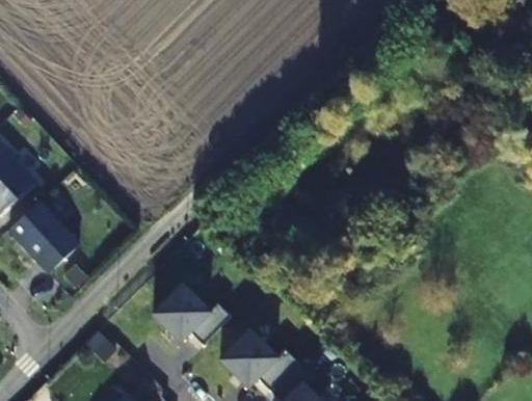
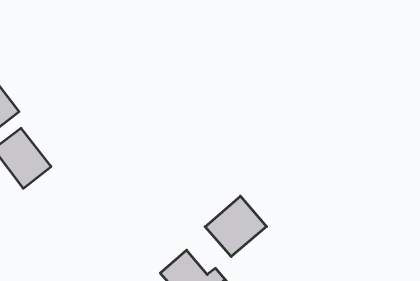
building: none -> [205,196,267,257]
building: [152,285,231,345] -> none

